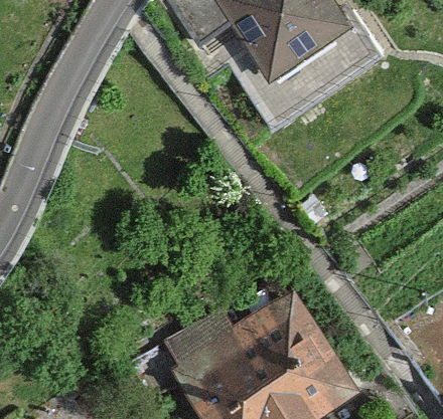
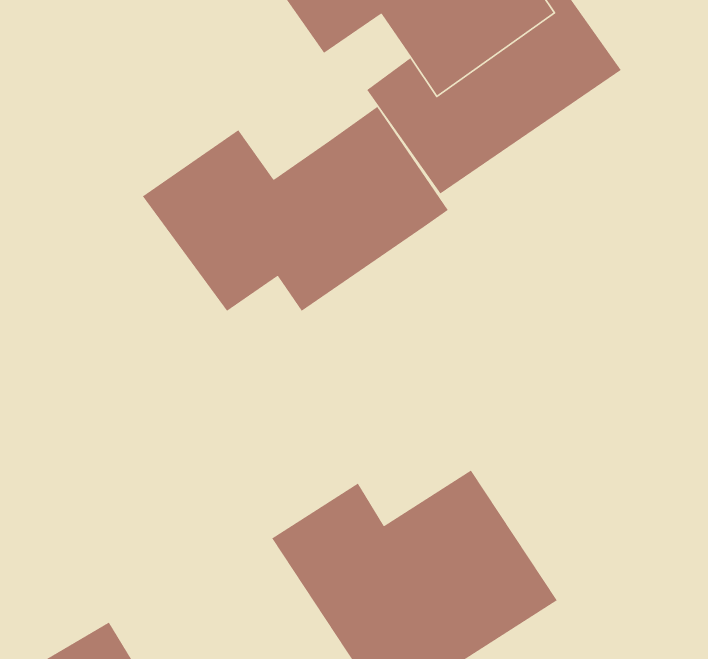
building: none -> [142,106,449,312]

